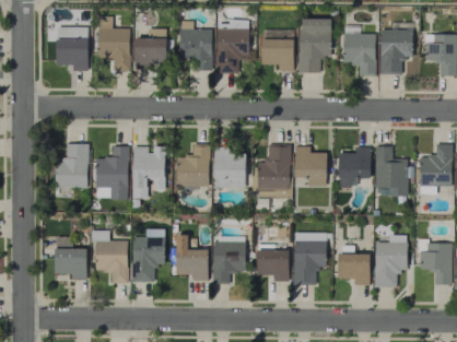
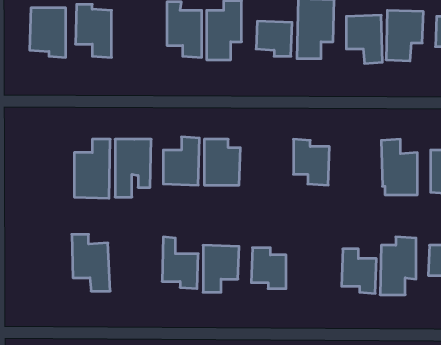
building: [133,27,166,69] -> none
building: [55,143,87,197] -> none
building: [257,144,290,189] -> none
building: [338,146,371,188] -> none
building: [55,236,86,280] -> none
building: [130,236,164,282] -> none
building: [292,239,326,284] -> none

